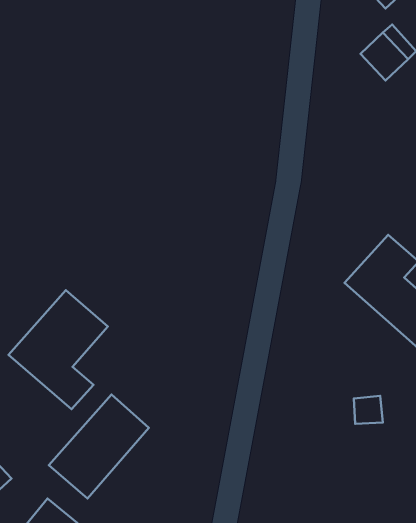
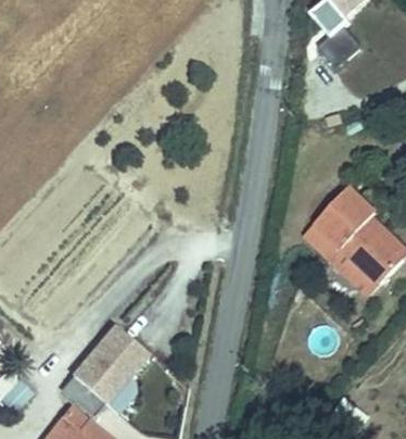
building: [9,290,108,409] -> none

